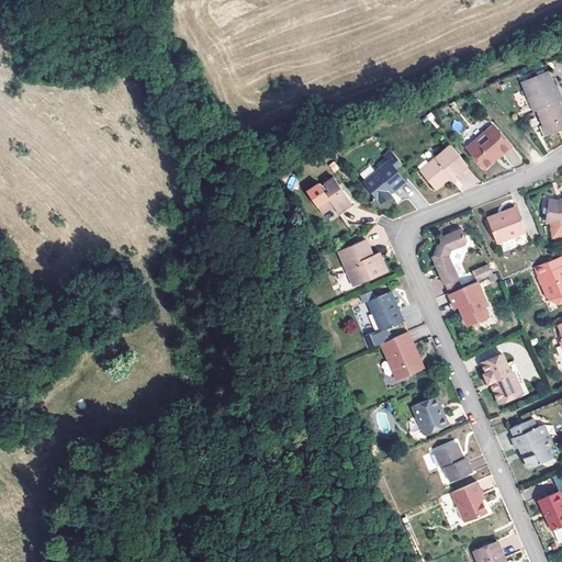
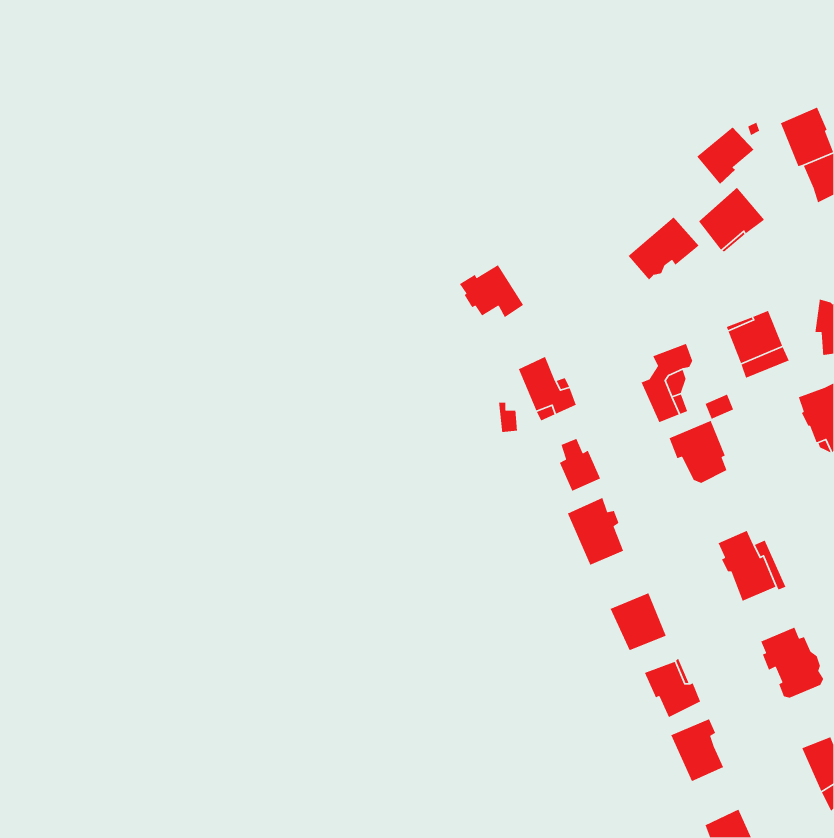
building: none -> [696,126,754,185]
building: [363,154,406,201] -> none

